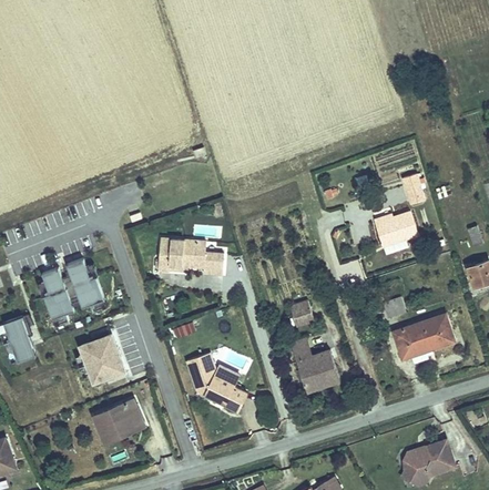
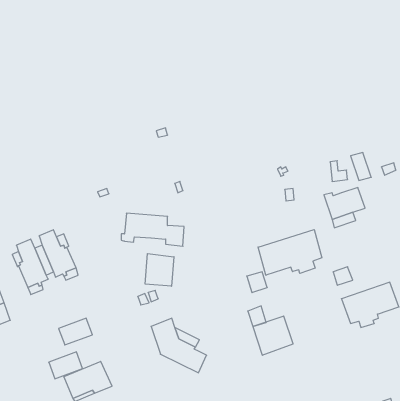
building: none -> [258,230,322,275]
building: none -> [145,254,174,286]
building: [81,335,118,364] -> [49,352,83,379]

